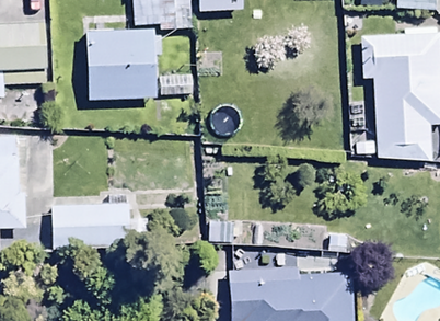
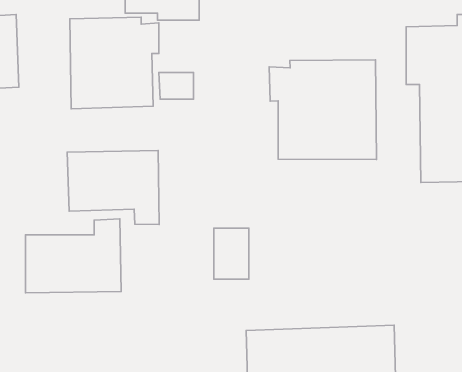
building: none -> [269,60,377,160]
building: none -> [67,150,159,225]

